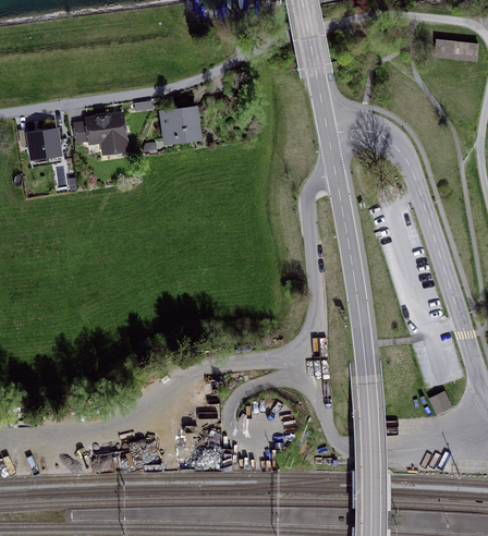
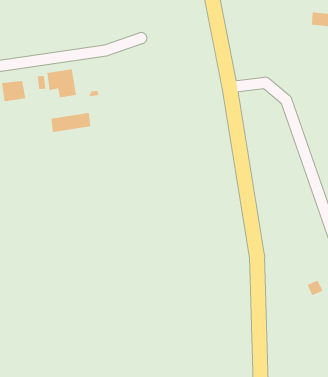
building: [162,110,206,139] -> none
building: none -> [51,112,91,133]

